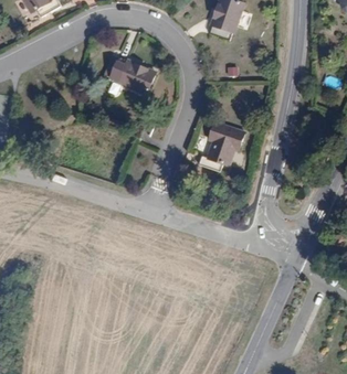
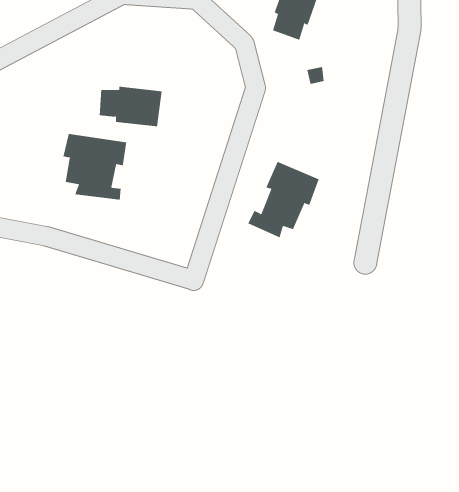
building: none -> [63,133,127,201]

